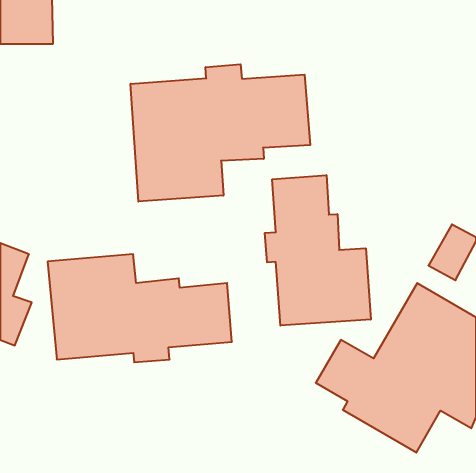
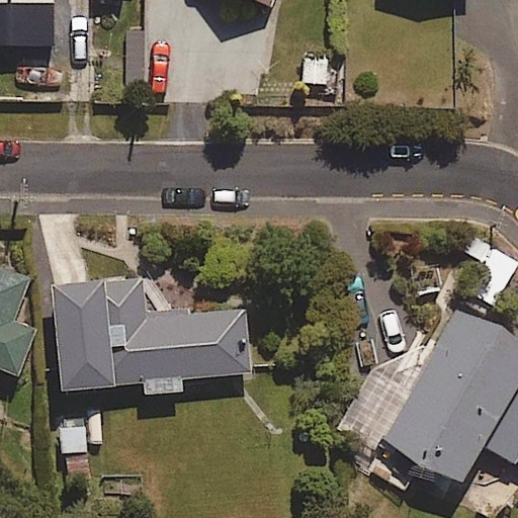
building: [131,64,310,202] -> none
building: [265,175,371,326] -> none

